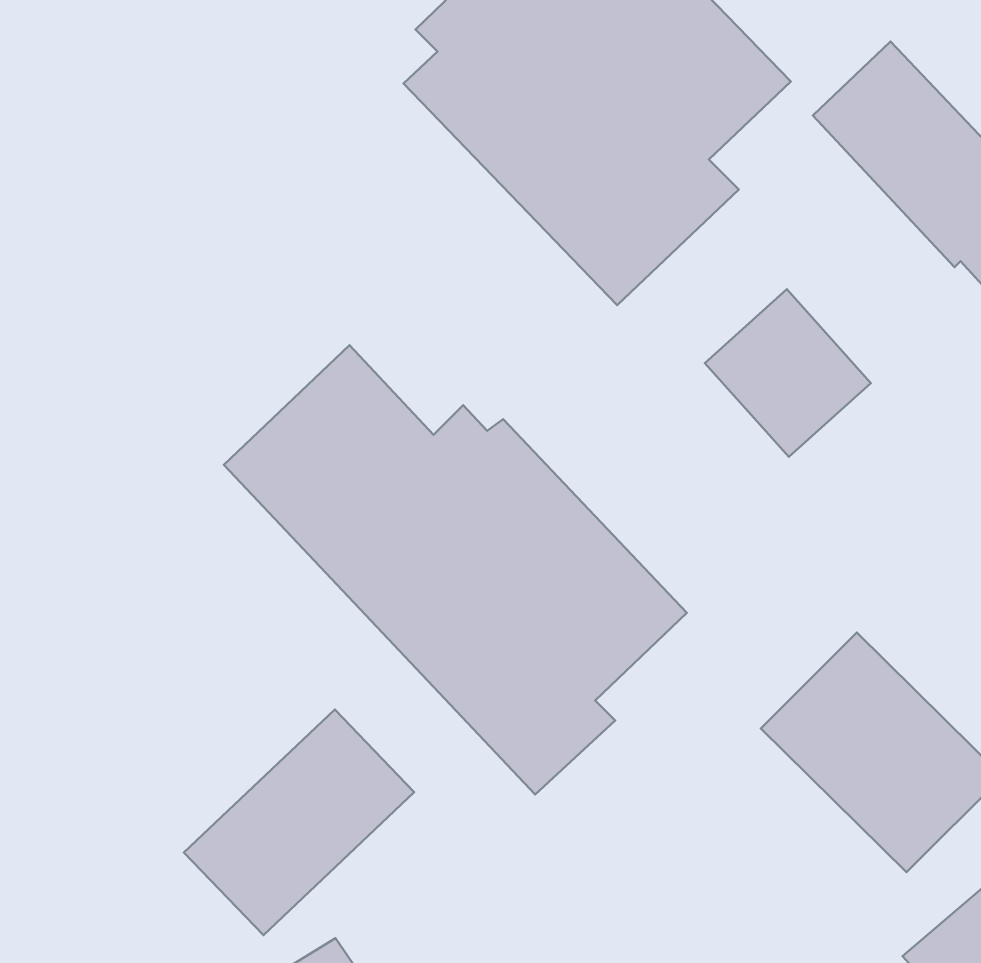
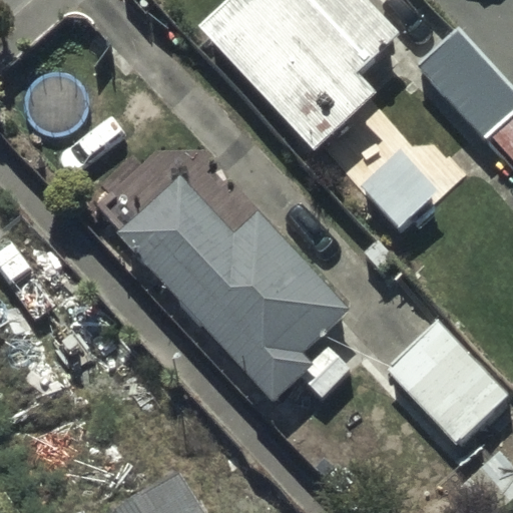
building: [184,709,414,935] -> none

